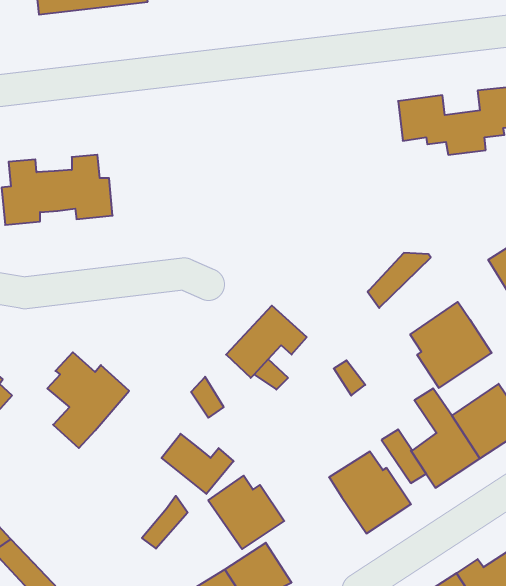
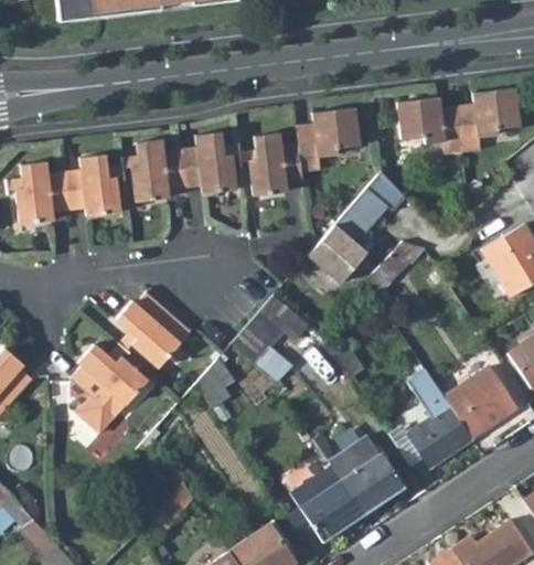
building: none -> [254,107,362,194]
building: none -> [136,131,241,201]
building: none -> [310,180,402,279]
building: none -> [109,288,184,364]
building: [410,302,492,388] -> none
building: [162,434,234,494] -> none
building: [208,476,284,549] -> [292,468,364,537]

